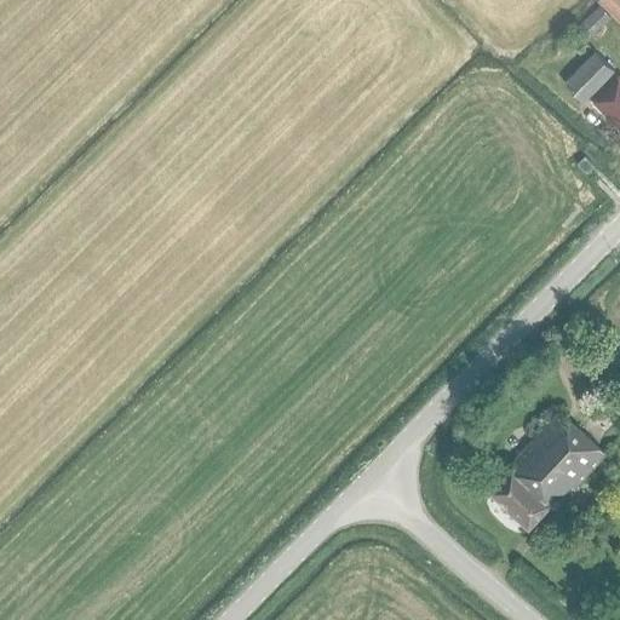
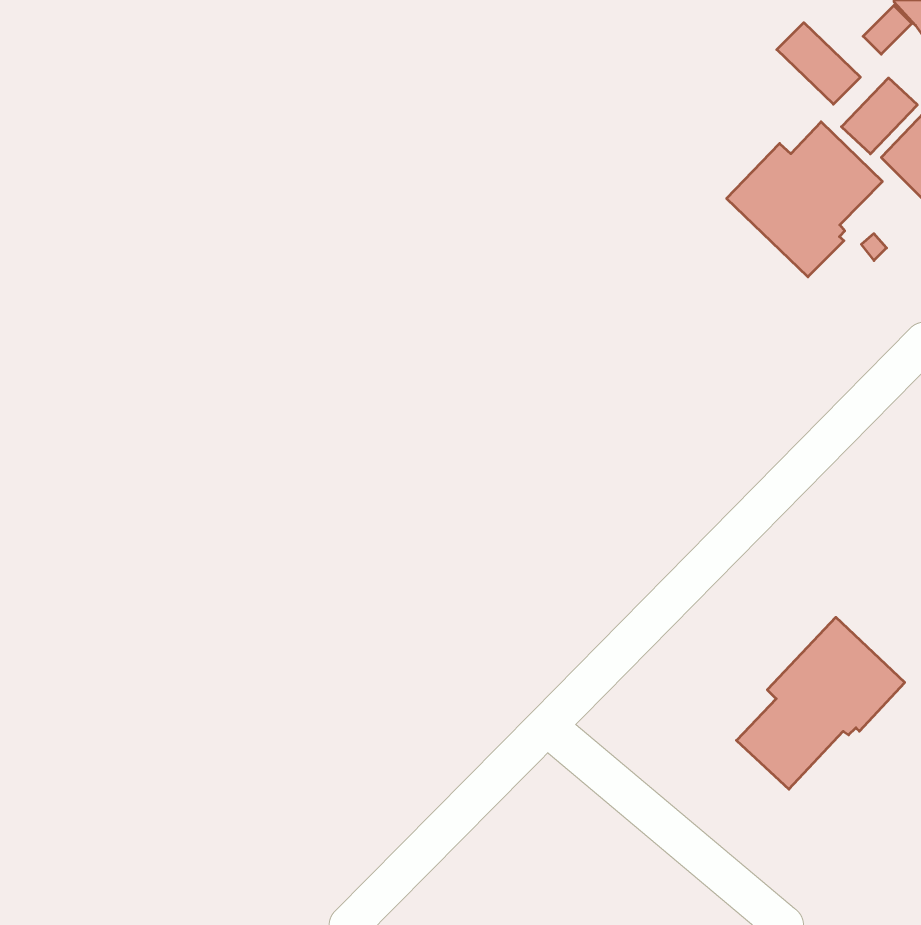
building: none -> [777,23,860,104]
building: none -> [727,122,882,277]

